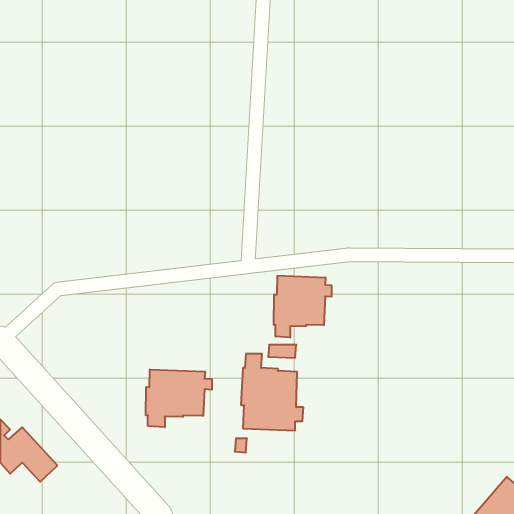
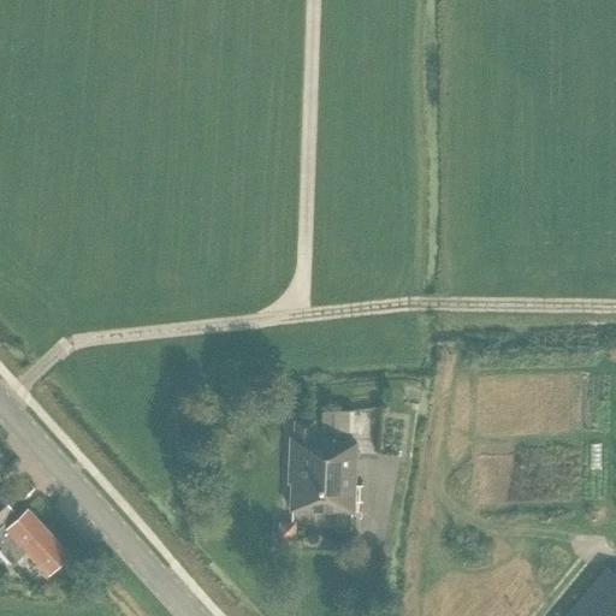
building: [274,276,332,338] -> none
building: [146,369,212,427] -> none

